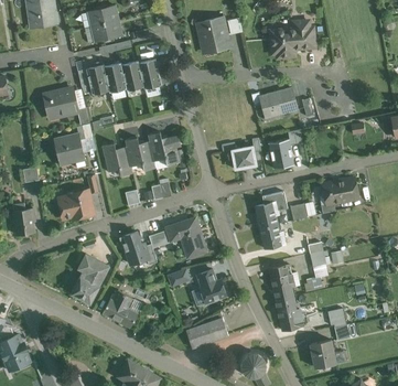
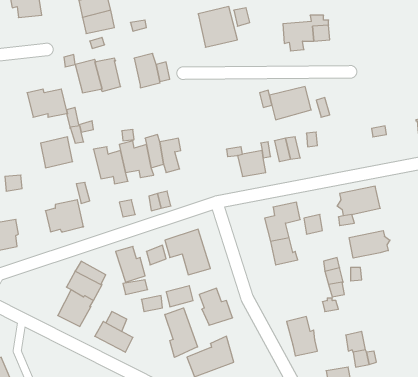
building: [120,61,143,90] -> none
building: none -> [349,231,390,258]
building: [269,265,293,299] -> none
building: none -> [165,308,198,357]

